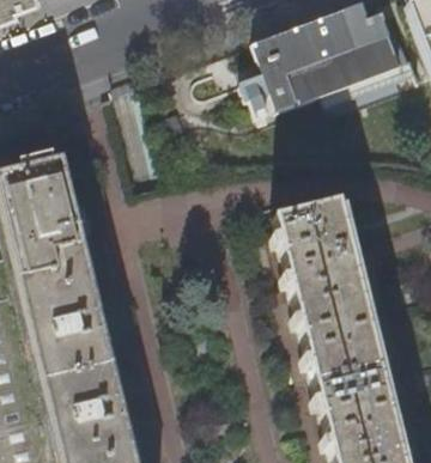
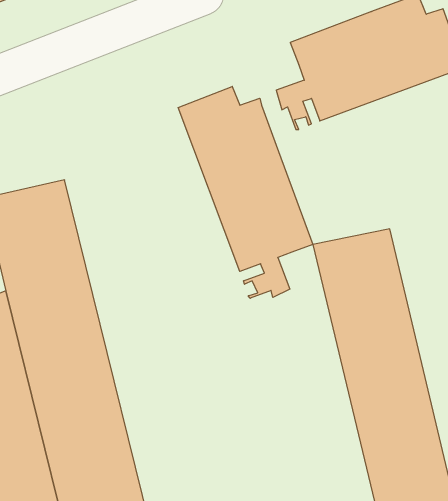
building: none -> [178,86,313,298]

